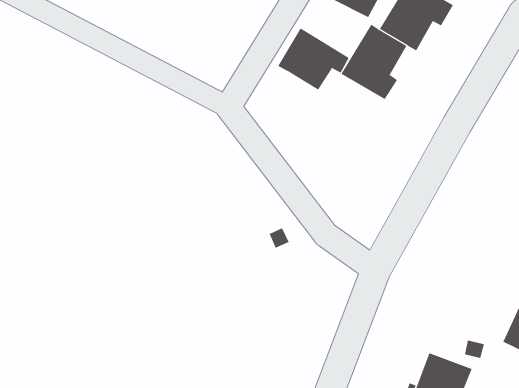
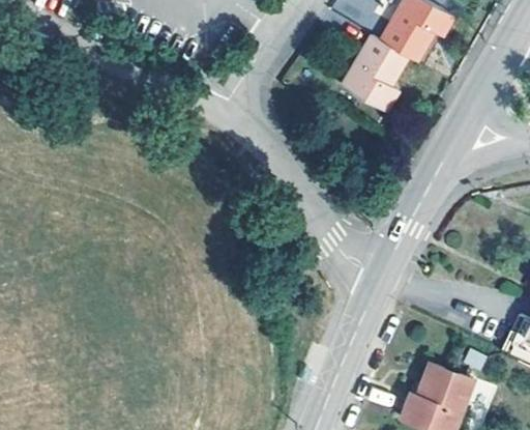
building: [278,28,350,90] -> none

